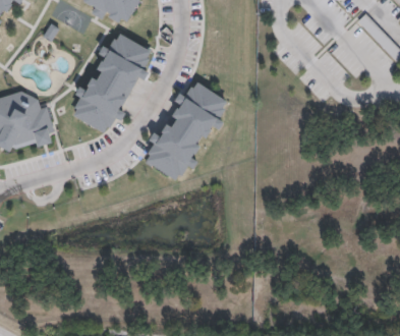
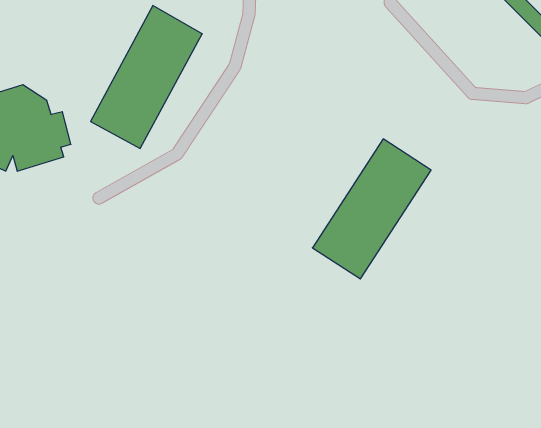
building: [144,80,229,181] -> [312,139,431,279]

